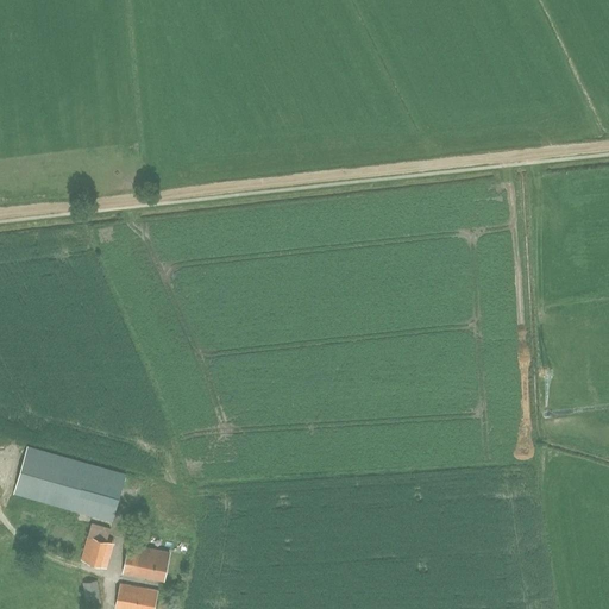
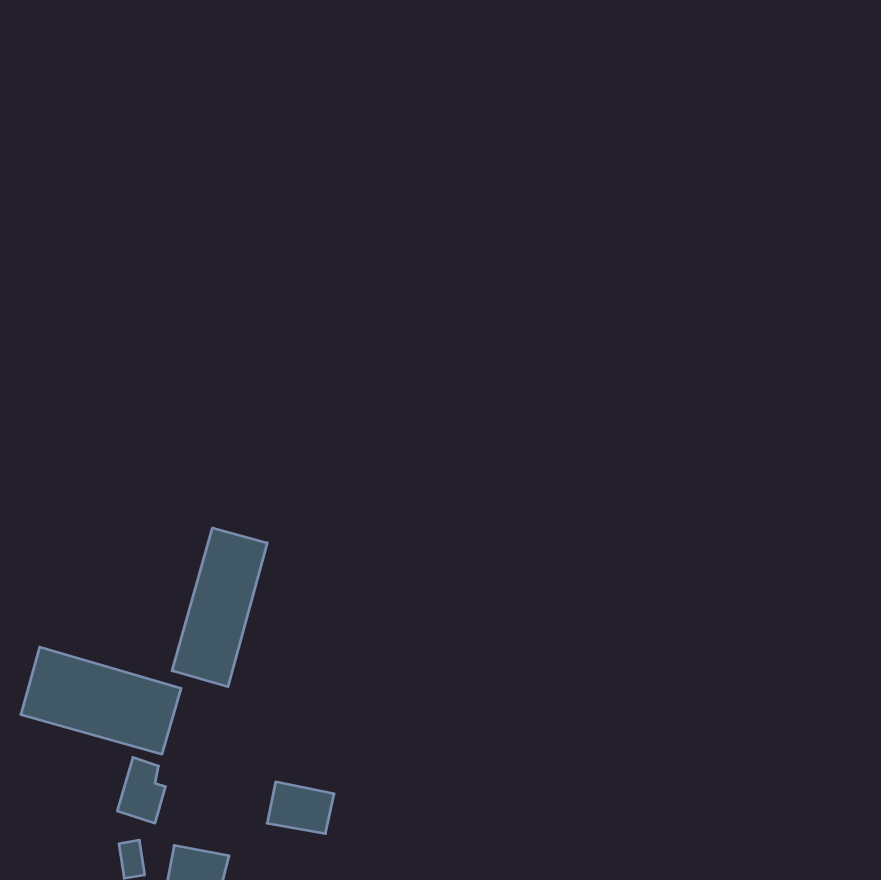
building: none -> [172,528,267,687]
building: [123,545,169,580] -> [267,782,334,834]

